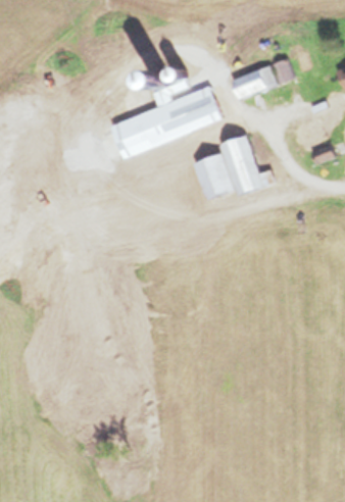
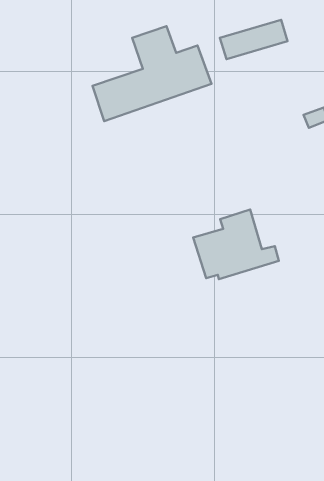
building: [193,135,275,201] -> [193,210,279,279]

